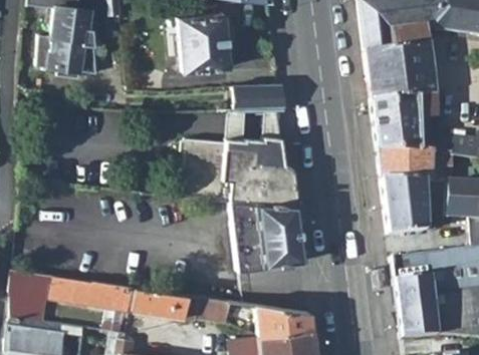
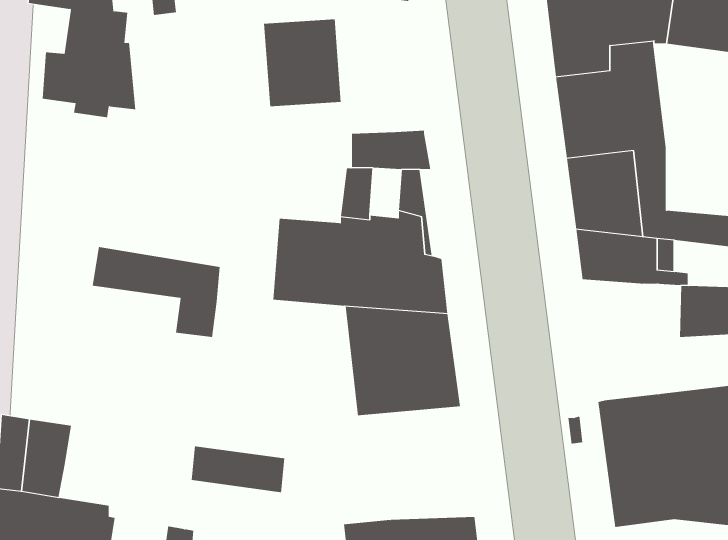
building: [382,182,427,237] -> none
building: [51,275,134,333] -> [92,246,221,338]
building: [190,296,231,322] -> none
building: [256,306,313,335] -> none

